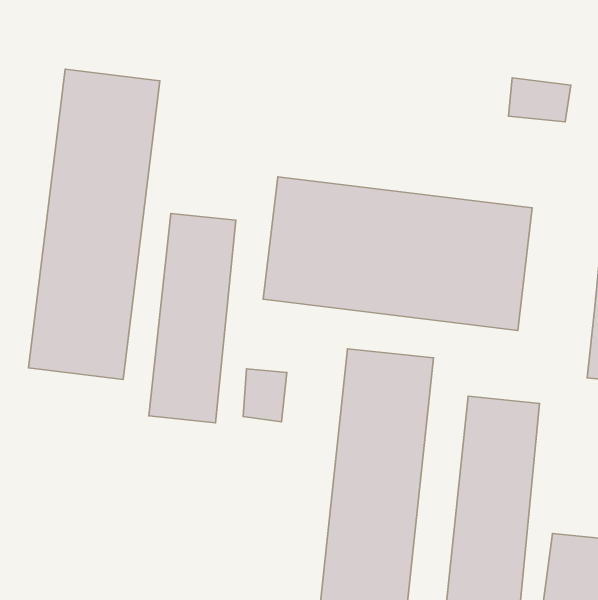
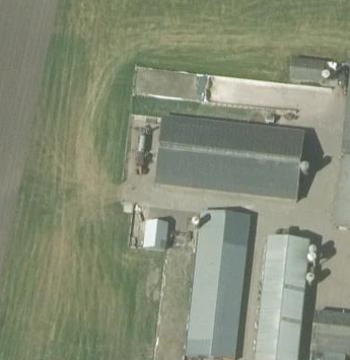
building: [29,69,160,379] -> none
building: [149,213,236,423] -> none

